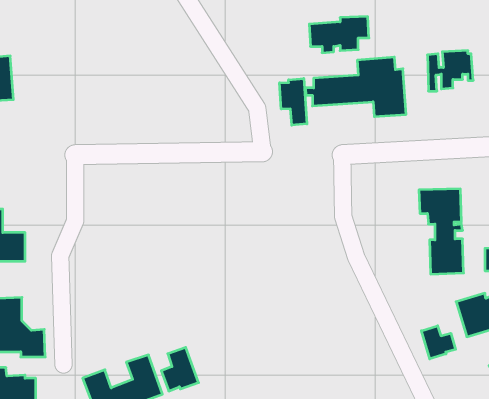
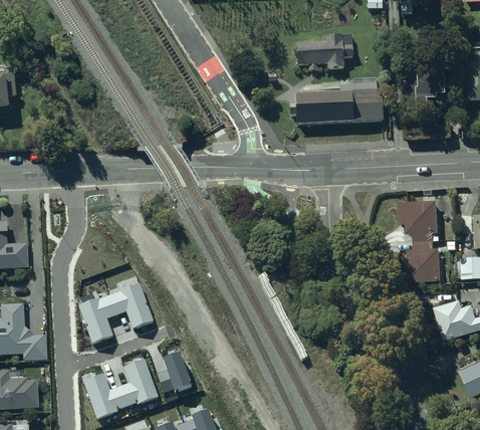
building: [280,78,307,125] -> none
building: none -> [77,281,153,341]
building: [421,326,456,359] -> none

